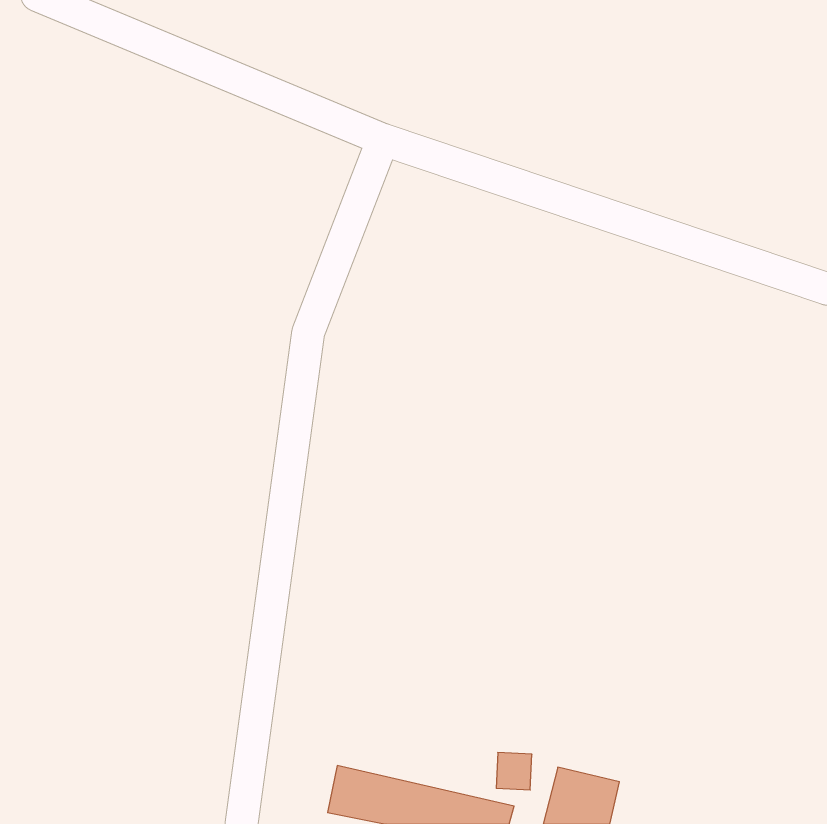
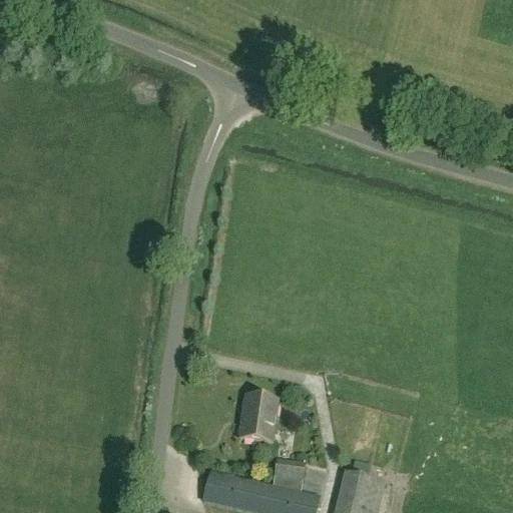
building: none -> [239,397,278,444]
building: none -> [273,459,303,481]

